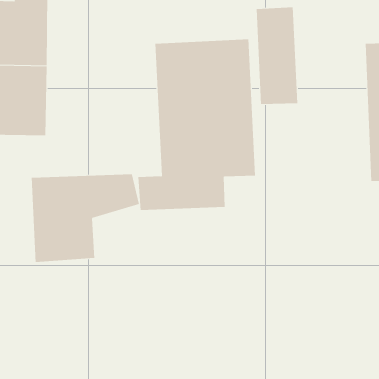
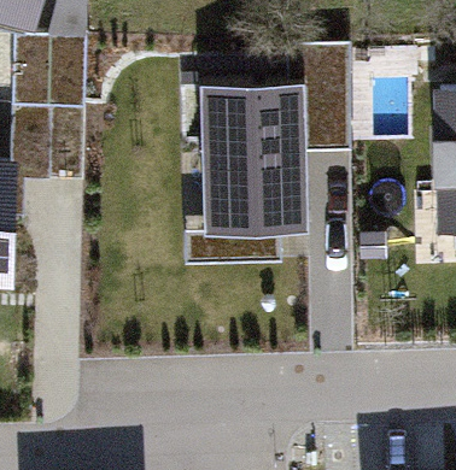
building: [31,173,139,263] -> none

